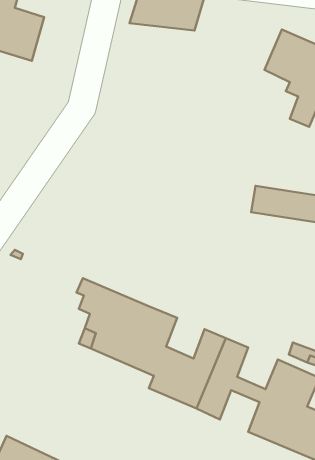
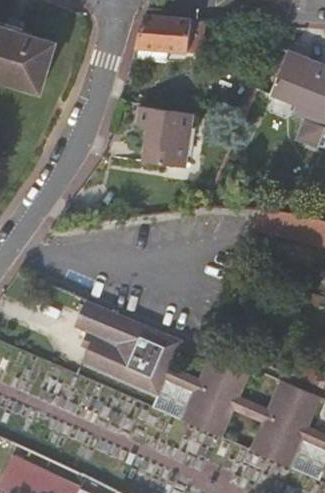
building: none -> [138,104,194,164]

